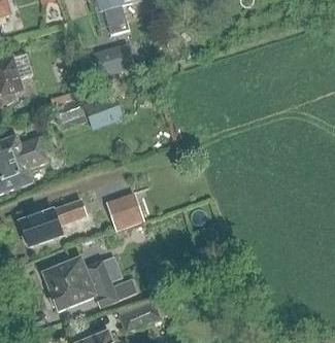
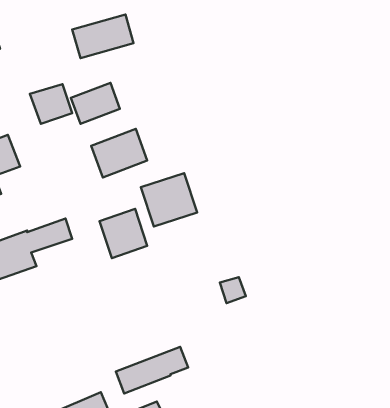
building: none -> [91,129,147,177]
building: none -> [141,173,197,226]
building: [41,258,136,310] -> none

